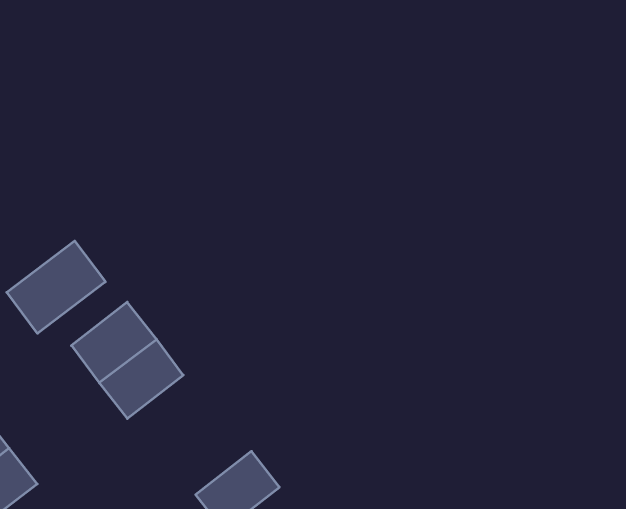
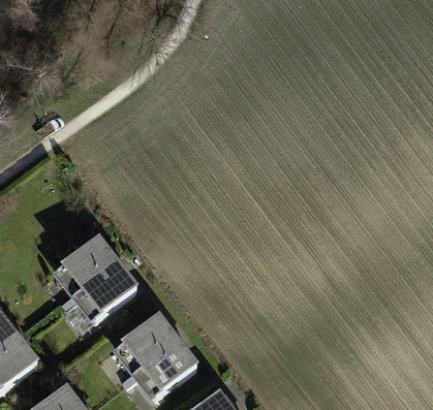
building: [7,241,105,333] -> none
building: none -> [121,315,178,369]

